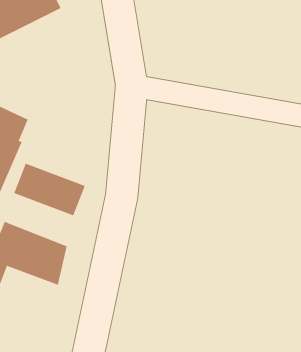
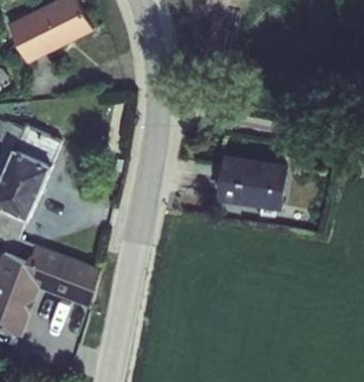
building: none -> [216,154,288,210]
building: [13,163,86,216] -> none

